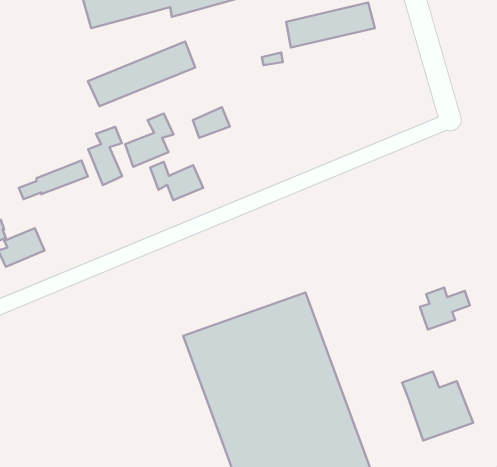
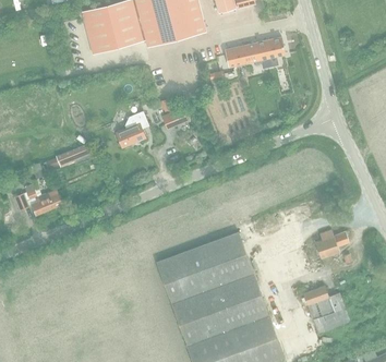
building: [88,41,195,106] -> none
building: [88,127,122,185] -> none
building: [150,162,203,200] -> none

